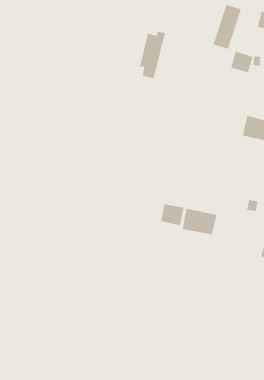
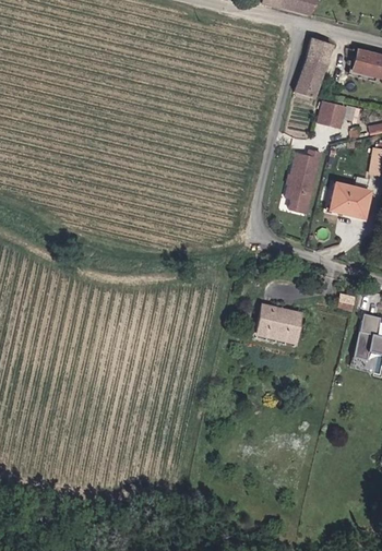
building: [139,31,166,79] -> [286,151,321,214]
building: [160,204,184,226] -> none

